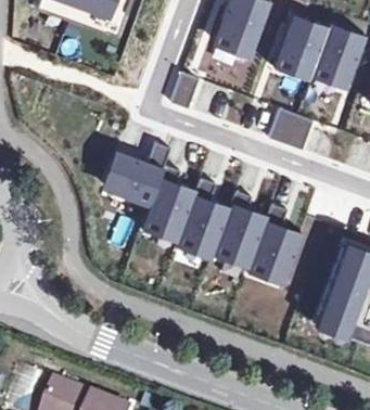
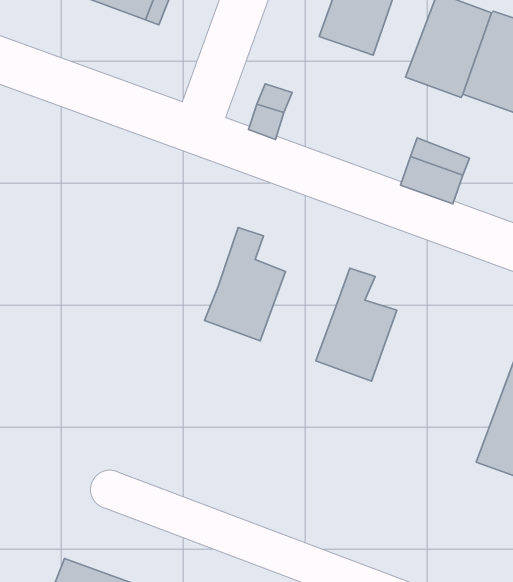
building: [105,142,170,203] -> none
building: [177,178,229,255] -> none
building: [247,204,299,280] -> none

